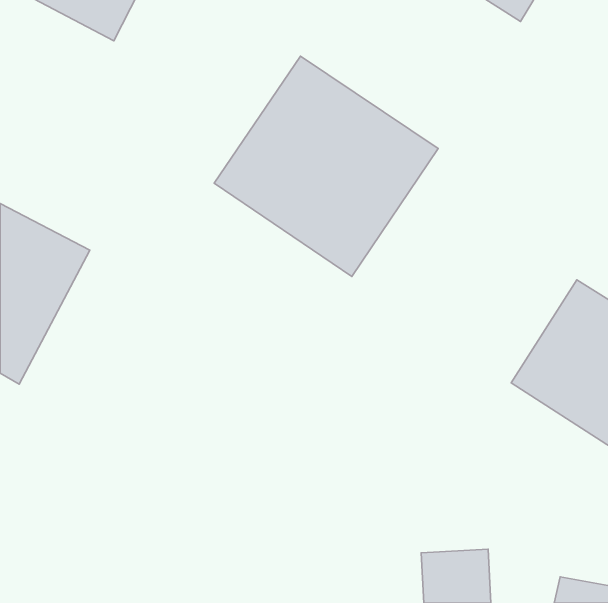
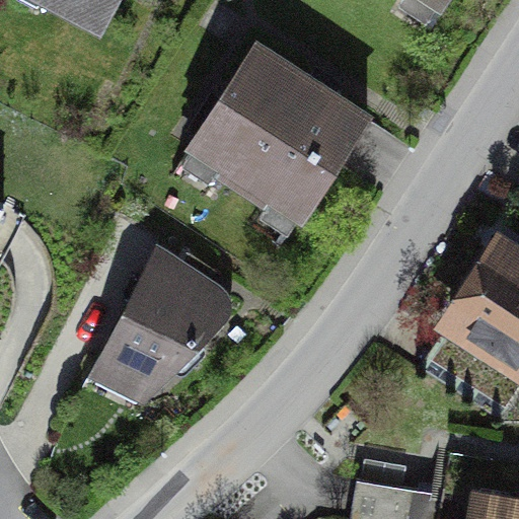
building: none -> [88,247,241,407]

